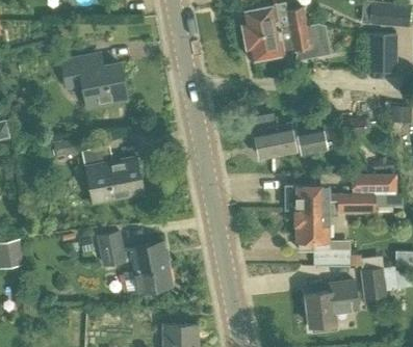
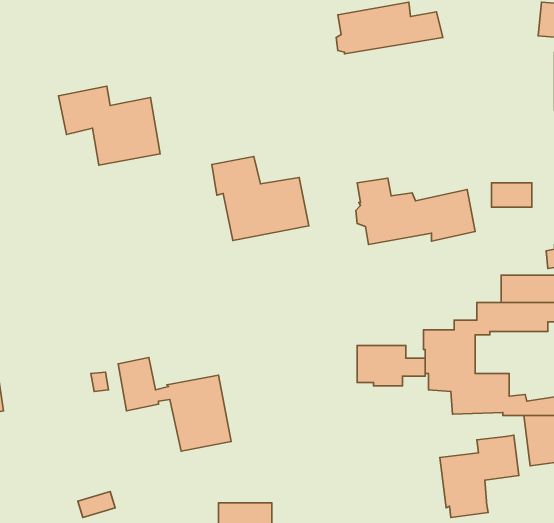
building: [244,25,332,62] -> none
building: [82,146,145,201] -> [212,156,309,240]
building: [286,188,330,214] -> [357,345,425,386]

